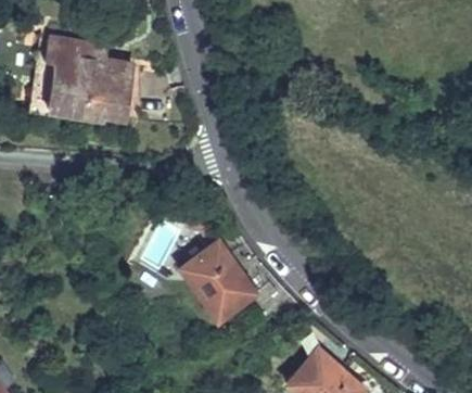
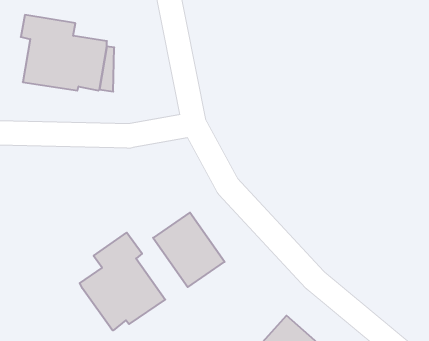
building: none -> [80,233,165,330]

